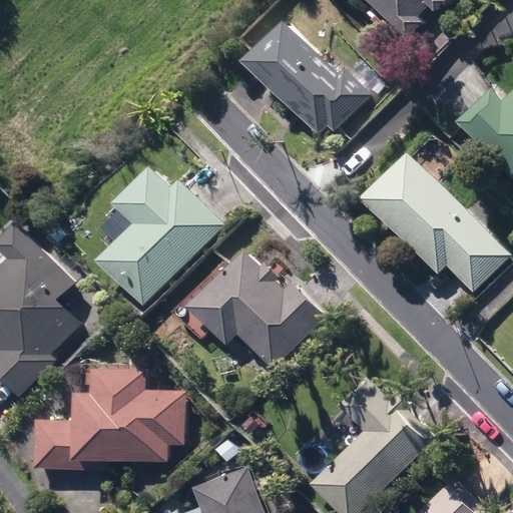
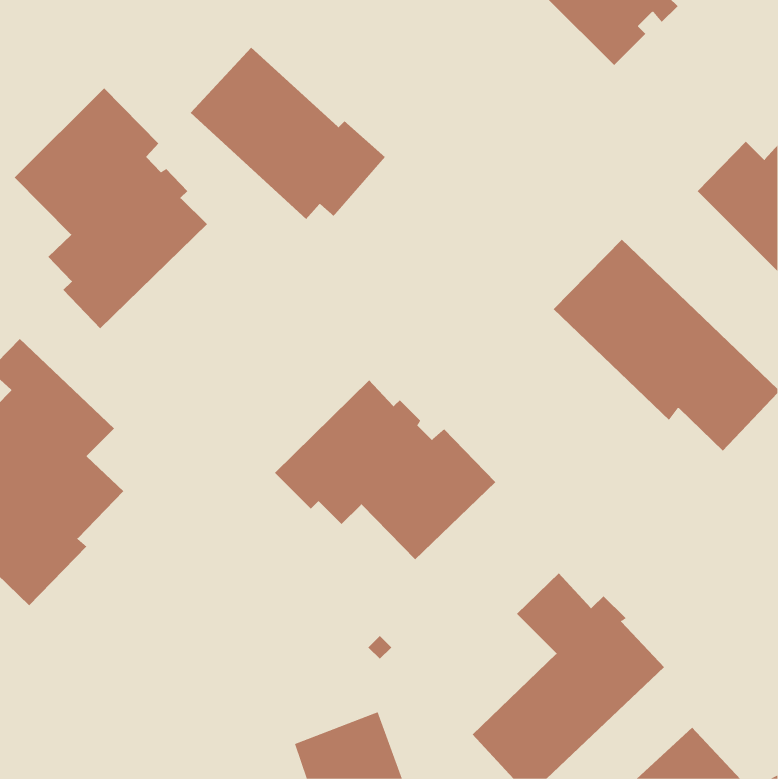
building: [240,23,369,136] -> [190,47,386,220]
building: none -> [14,88,208,329]
building: [97,164,223,303] -> none
building: [33,366,187,469] -> none

